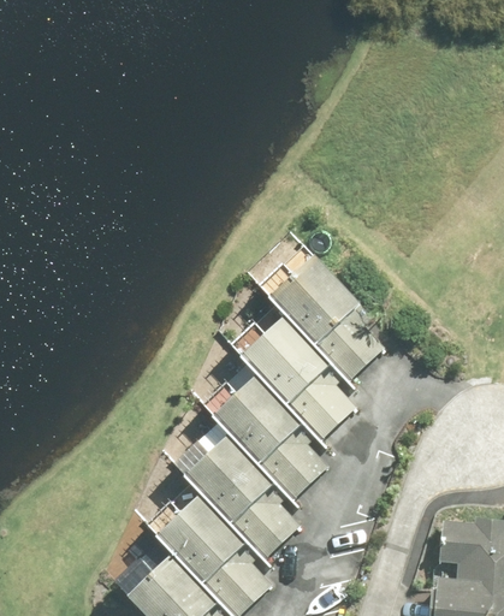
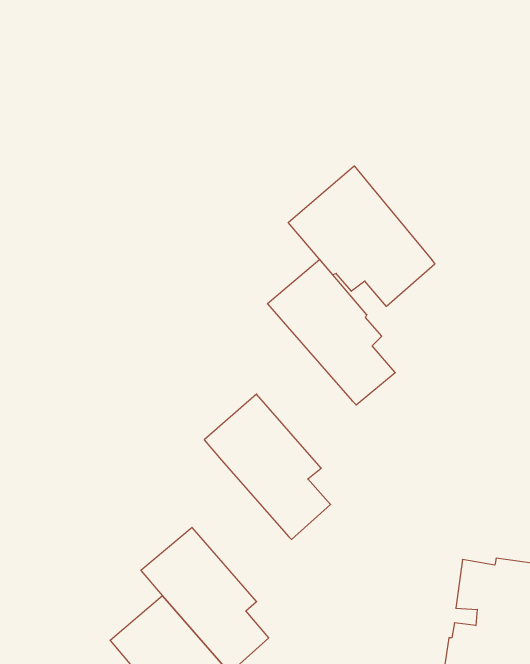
building: none -> [288,166,435,306]
building: [241,309,354,439] -> none
building: [182,428,296,558] -> none

